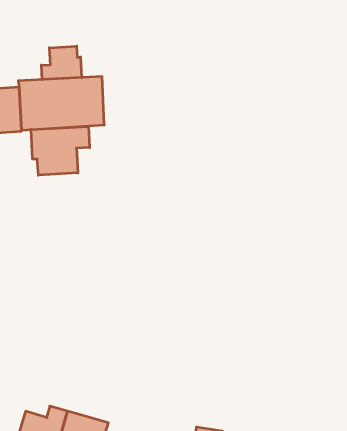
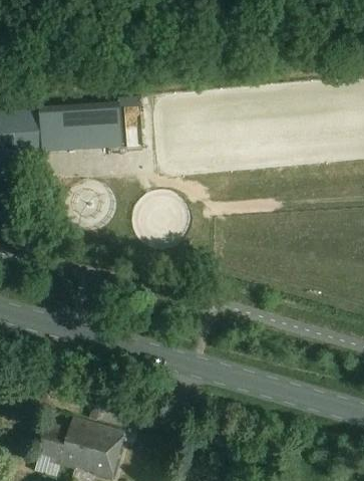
building: [41,46,82,80] -> none
building: [31,127,90,175] -> none

